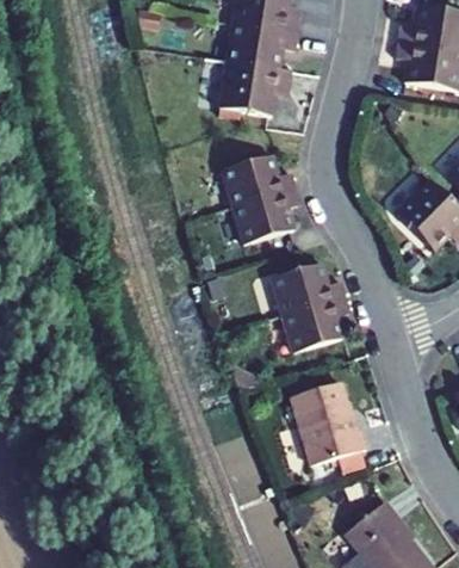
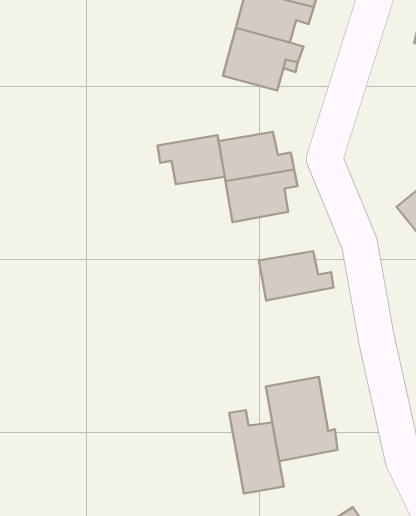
building: none -> [158,135,225,184]
building: [283,295,349,352] -> none
building: none -> [229,410,284,494]

